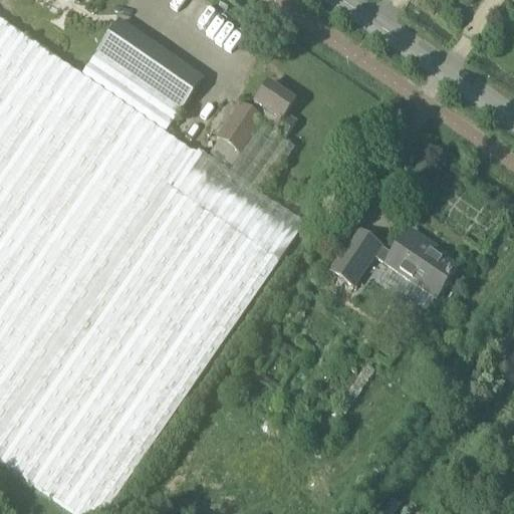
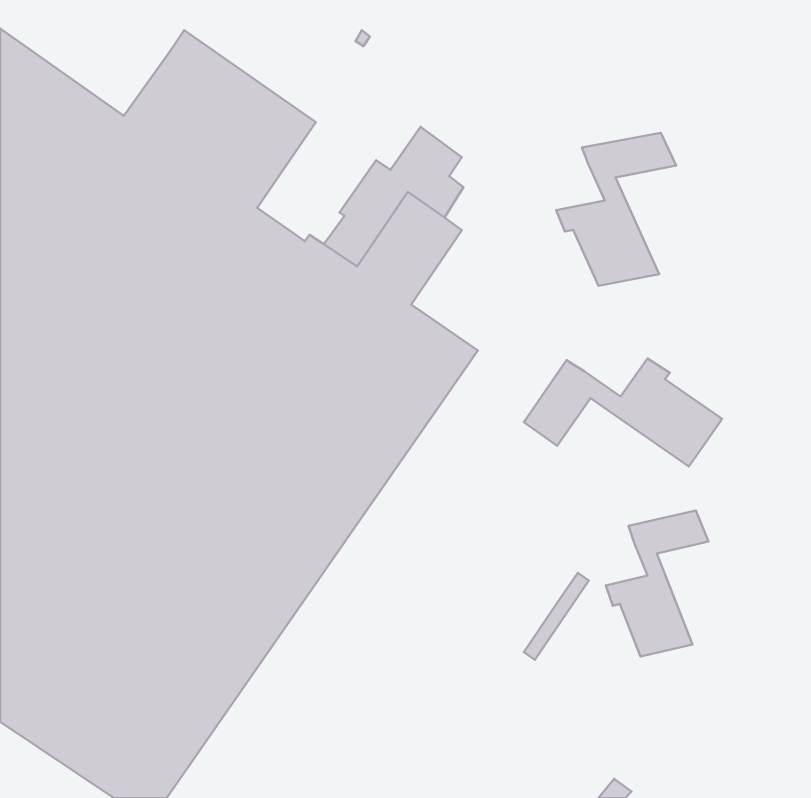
building: none -> [556,133,676,286]
building: none -> [606,511,709,657]

